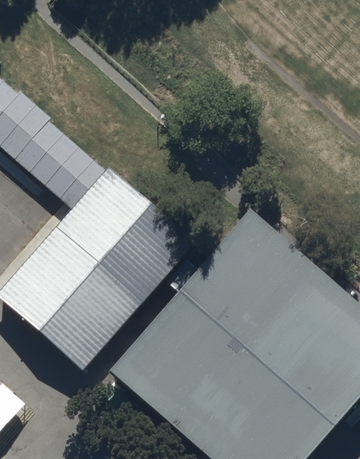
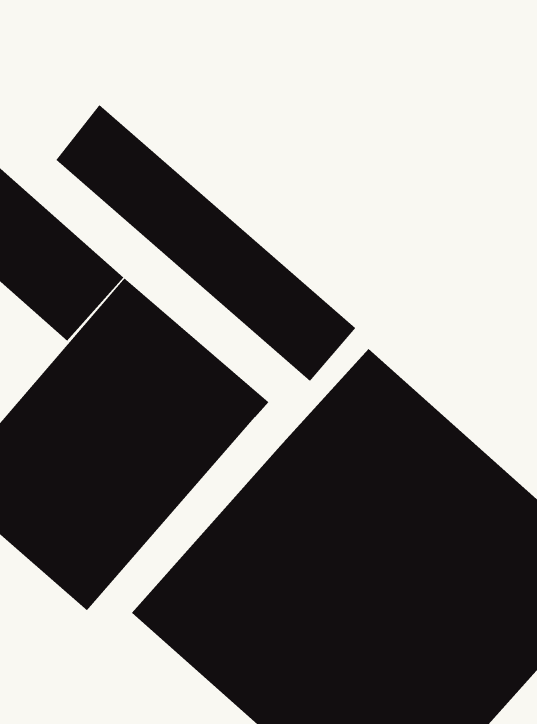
building: none -> [56,104,356,382]

